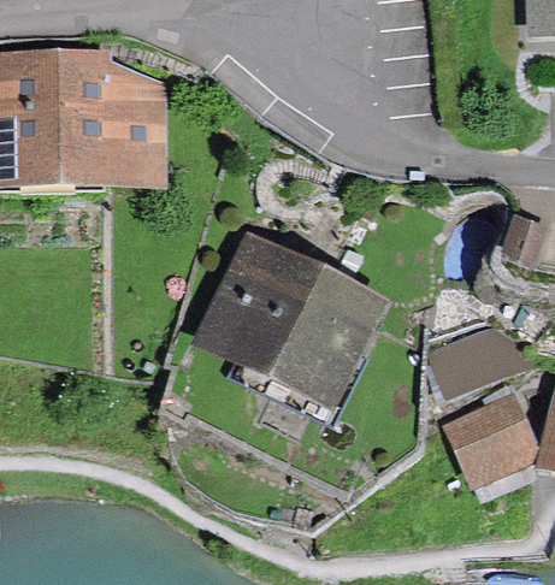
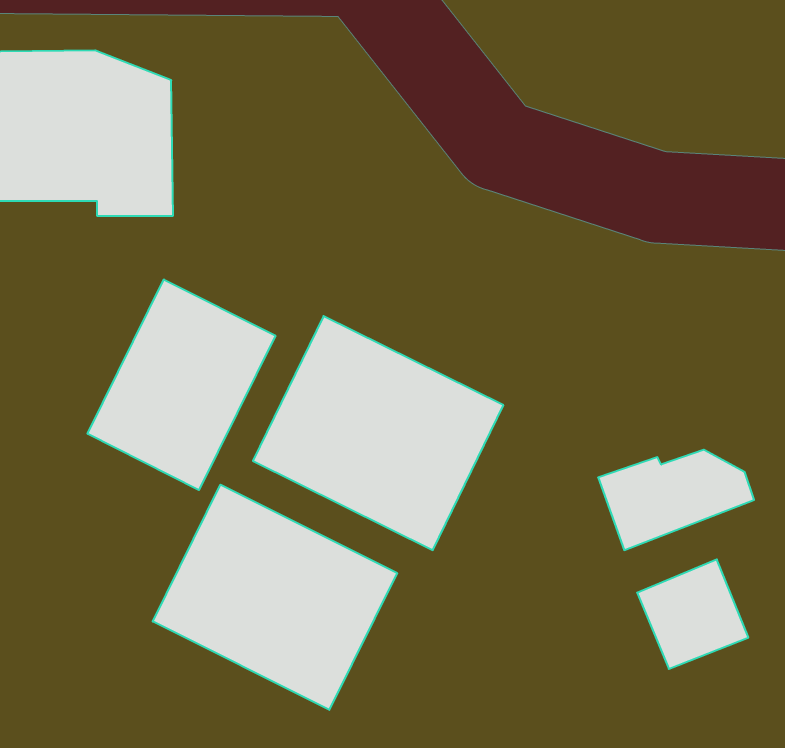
building: none -> [88,279,275,490]
building: none -> [153,485,397,710]

